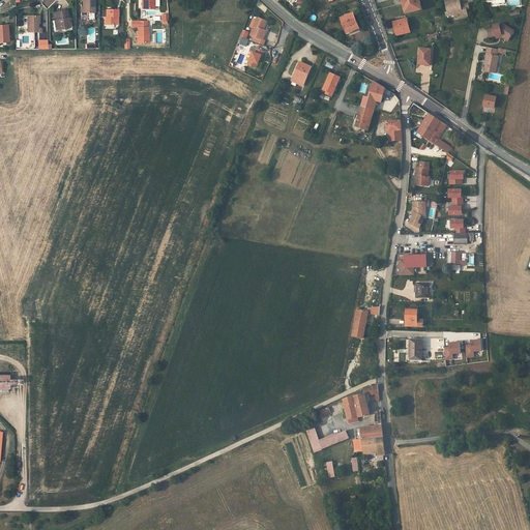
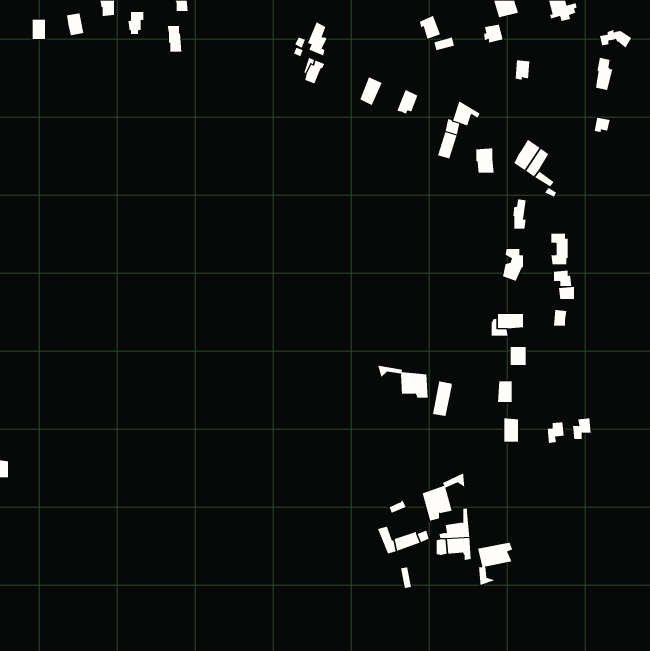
building: none -> [377,365,428,399]
building: none -> [477,542,513,586]

